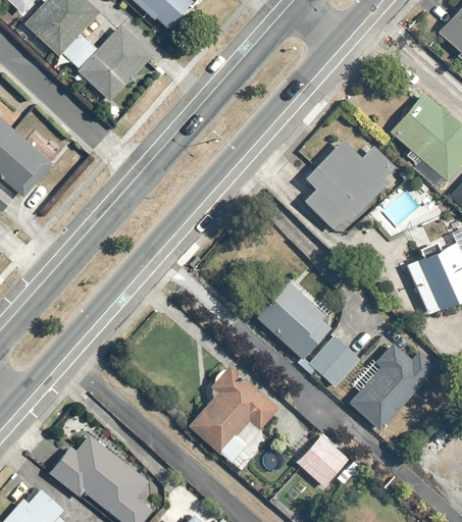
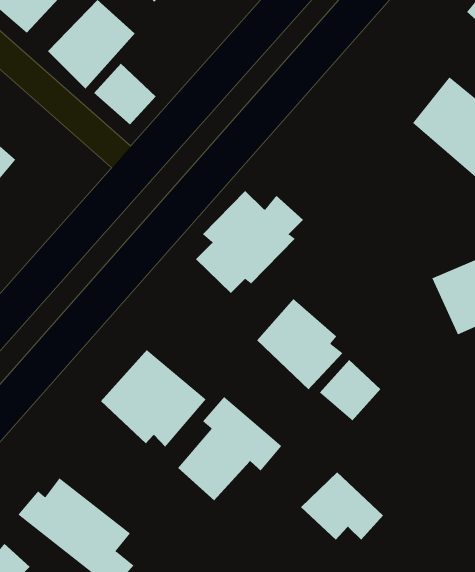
building: none -> [93,63,156,126]
building: [302,142,395,230] -> [195,190,304,294]
building: none -> [100,349,207,447]
building: [349,344,437,431] -> none

